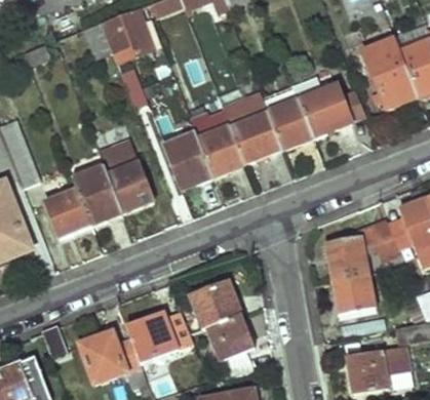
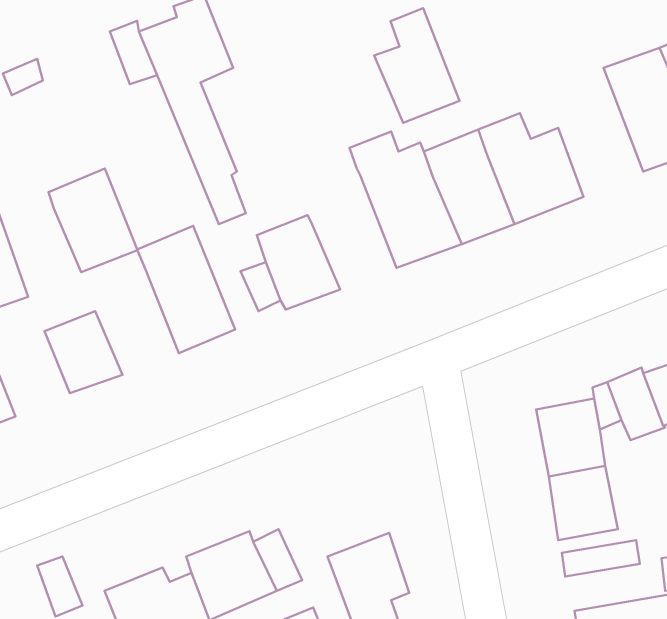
building: [198,111,246,175] -> [374,8,460,123]
building: [73,165,123,224] -> [48,169,137,272]
building: [193,282,242,327] -> none

